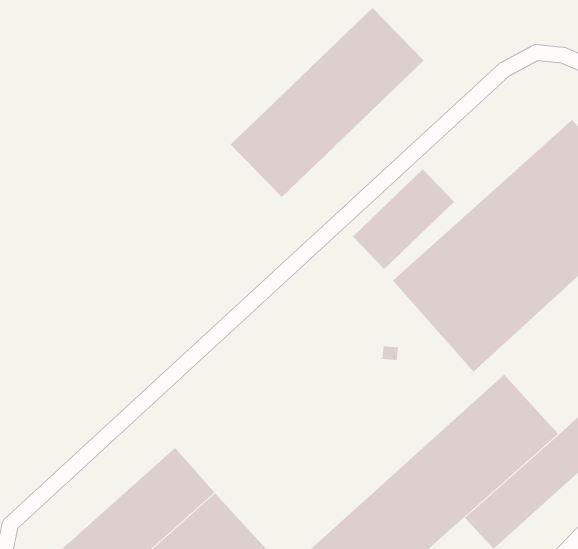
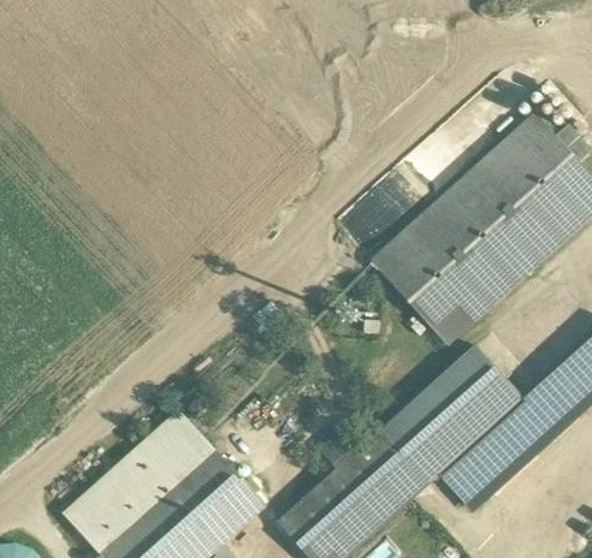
building: [230,7,424,198] -> none

